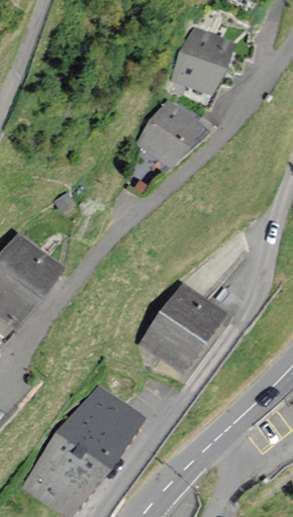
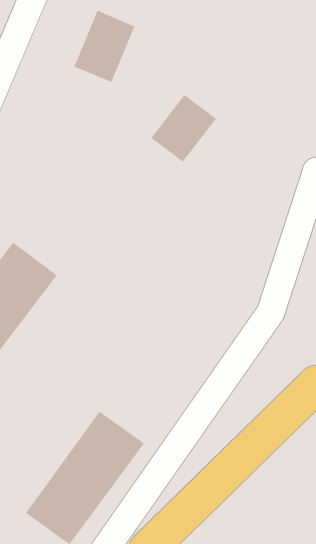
building: [173,30,228,96] -> [74,10,135,82]
building: [143,287,221,371] -> none

